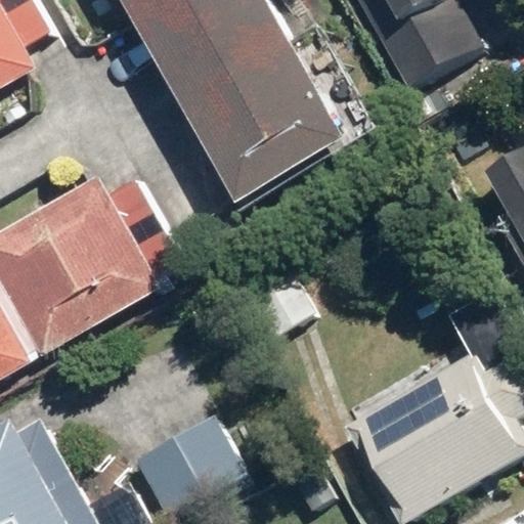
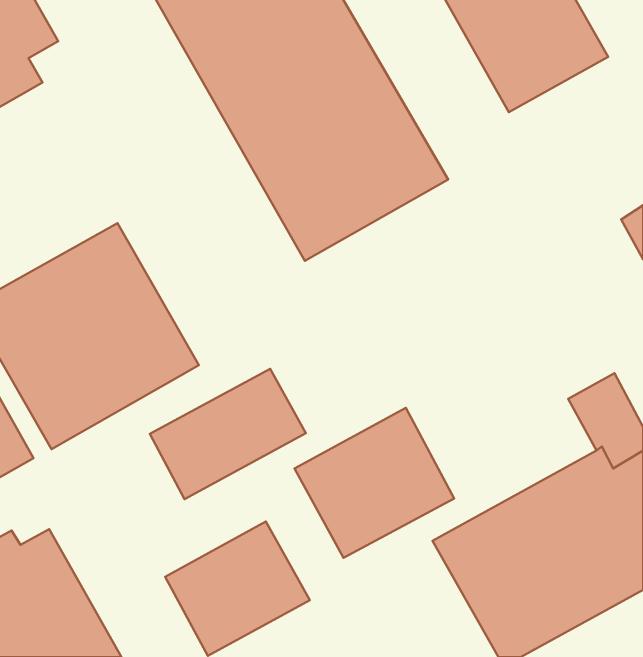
building: none -> [150,369,306,499]
building: none -> [294,408,454,558]

